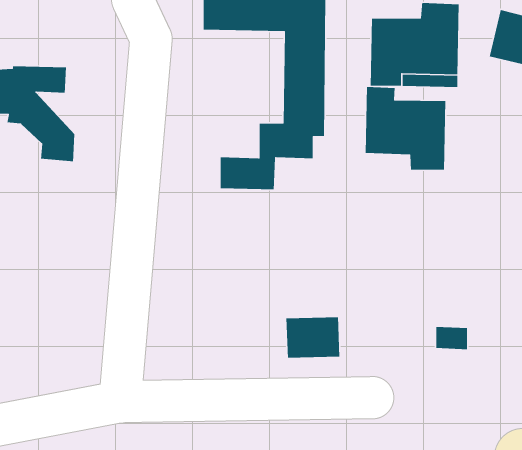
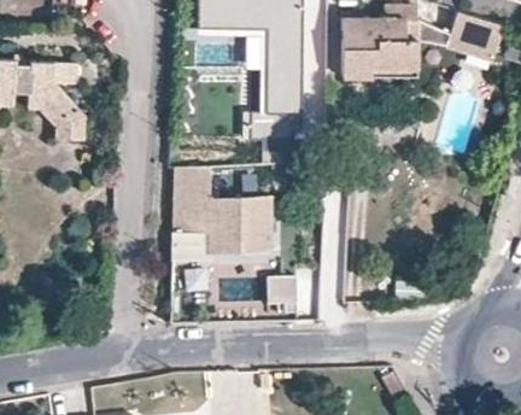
building: [365,86,446,170] -> none
building: none -> [174,165,271,257]

